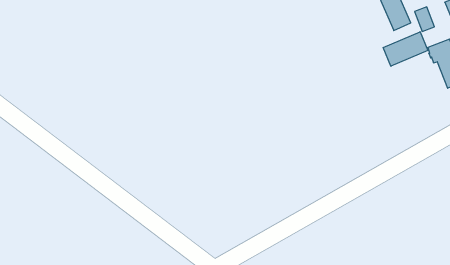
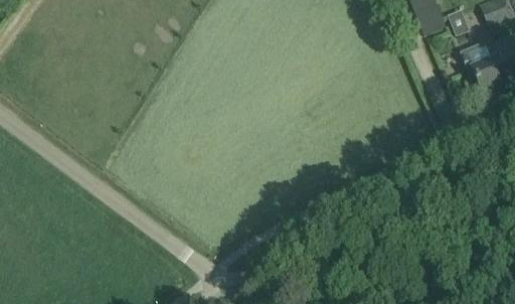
building: [383,32,428,66] -> none

